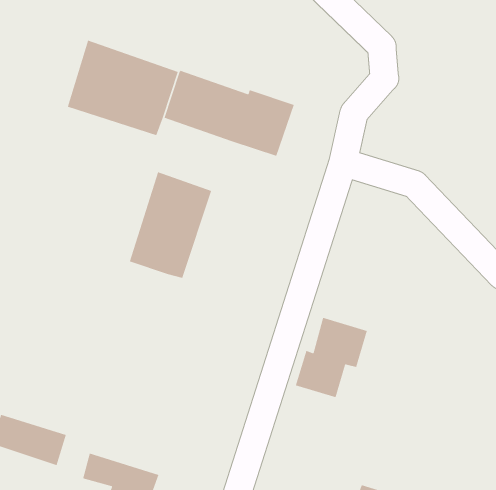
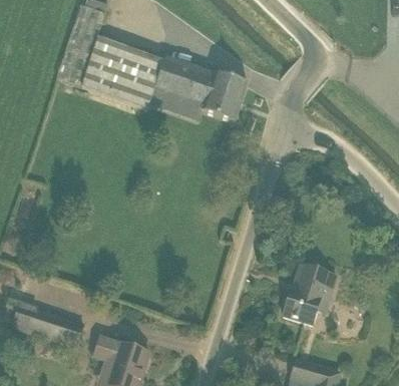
building: [129,171,212,279] -> none
building: [295,317,368,398] -> [283,263,336,322]

